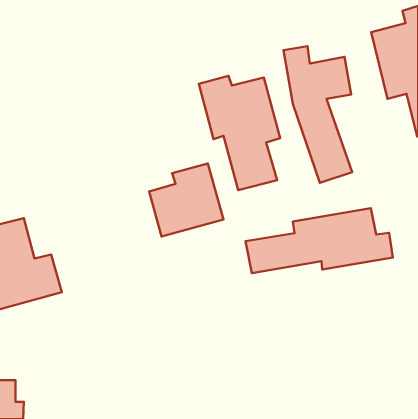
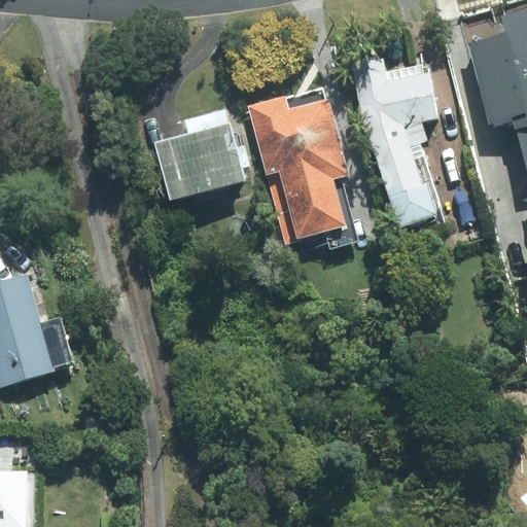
building: [149,163,223,237] -> [155,109,248,201]
building: [246,208,393,273] -> none

